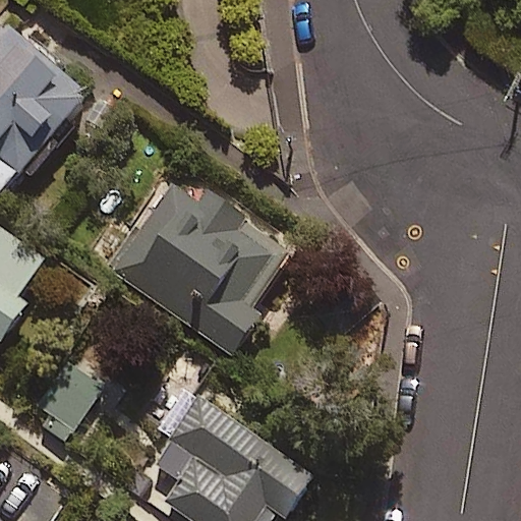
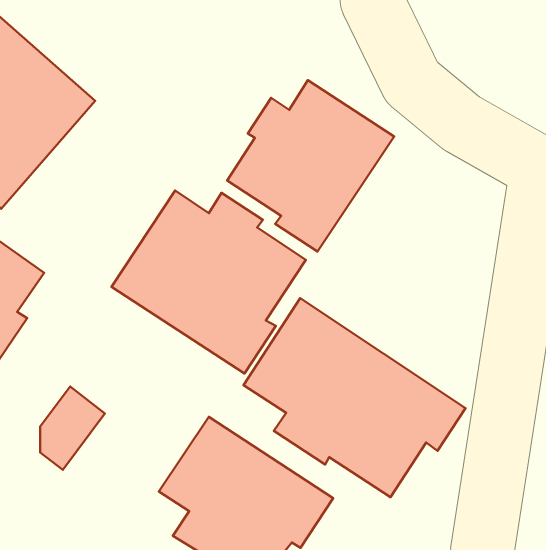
building: none -> [227,80,394,252]
building: none -> [244,298,465,497]

